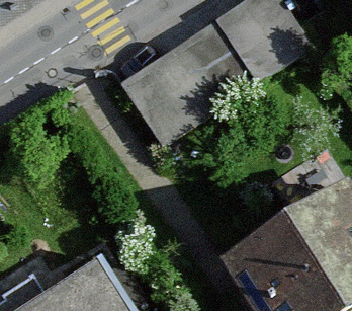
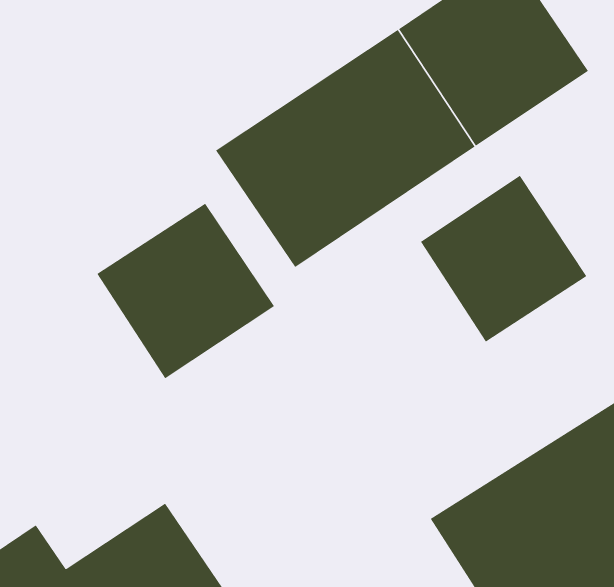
building: none -> [420,175,587,342]
building: none -> [97,203,275,379]

